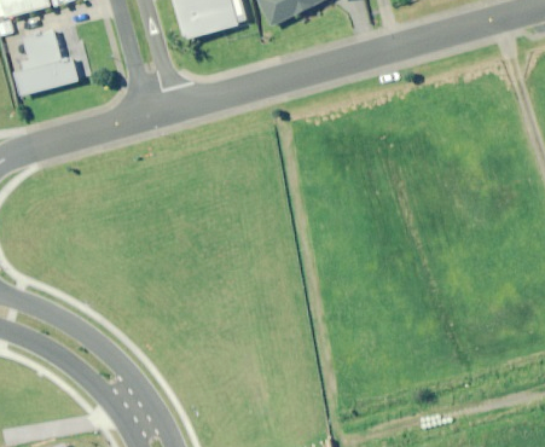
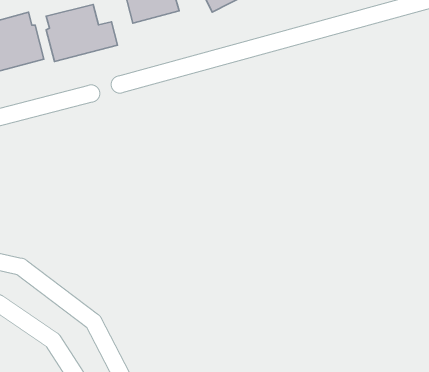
building: none -> [46,5,117,61]

